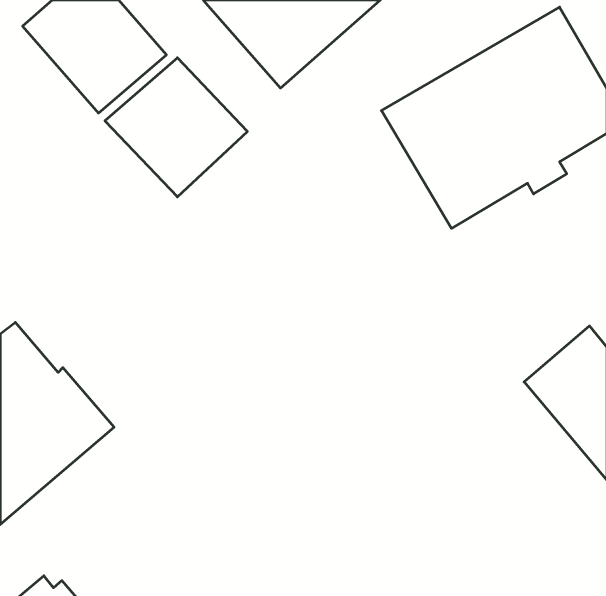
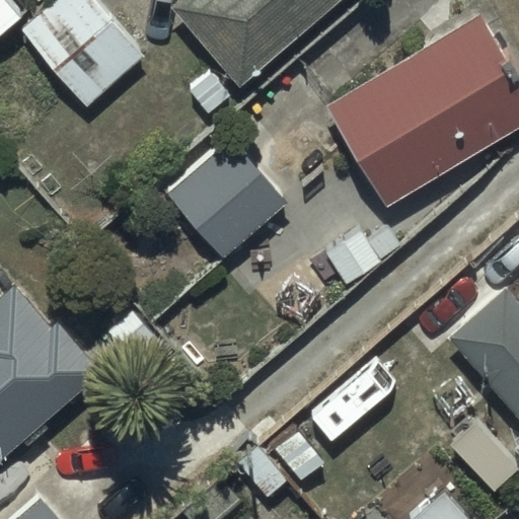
building: [105,58,247,197] -> [163,141,285,260]

